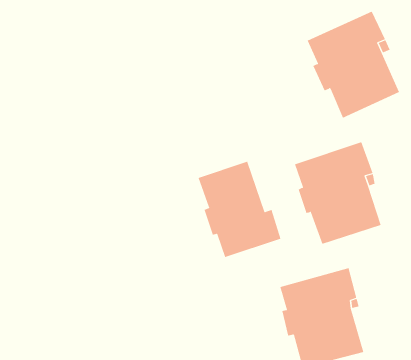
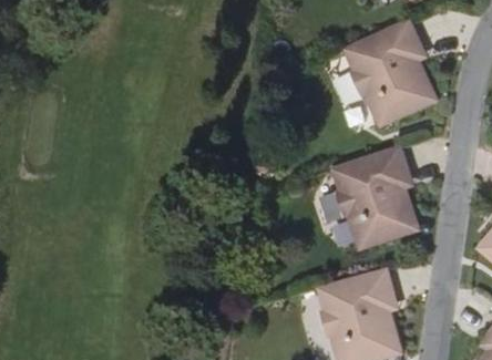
building: [198,161,281,258] -> none

